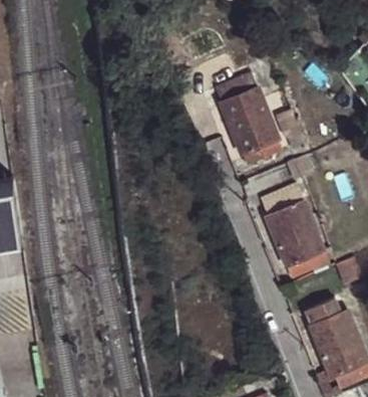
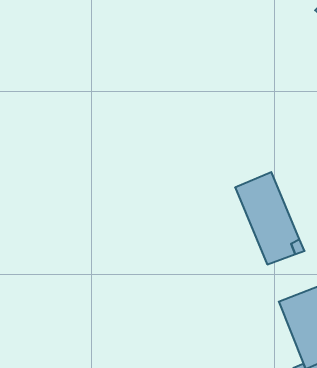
building: [217,78,282,164] -> none

